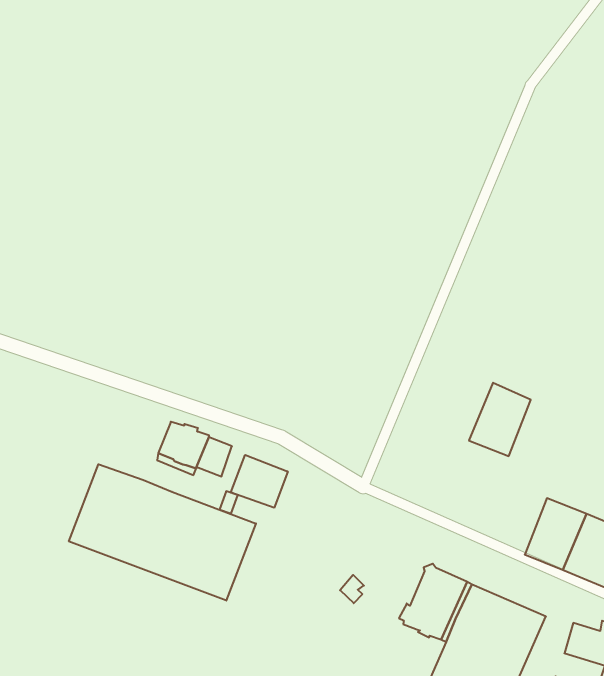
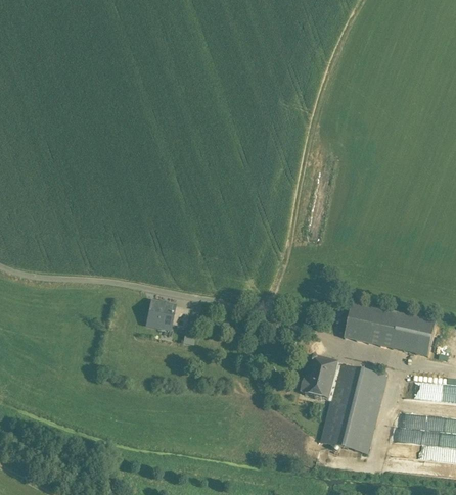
building: [469,383,531,456] -> [344,301,375,342]
building: [231,455,288,508] -> none
building: [69,464,256,601] -> none

